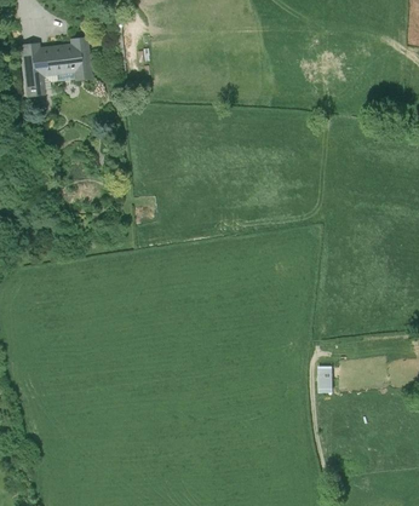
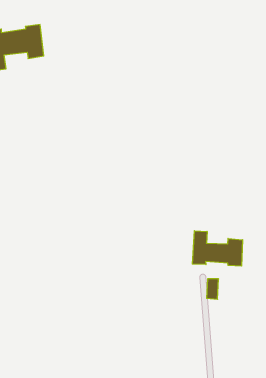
building: none -> [192,231,243,266]

